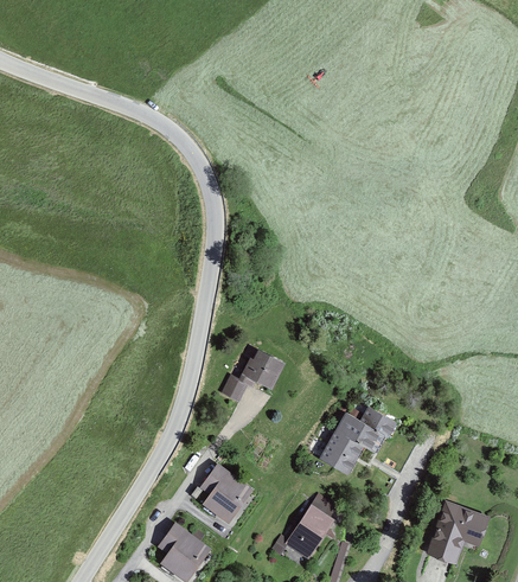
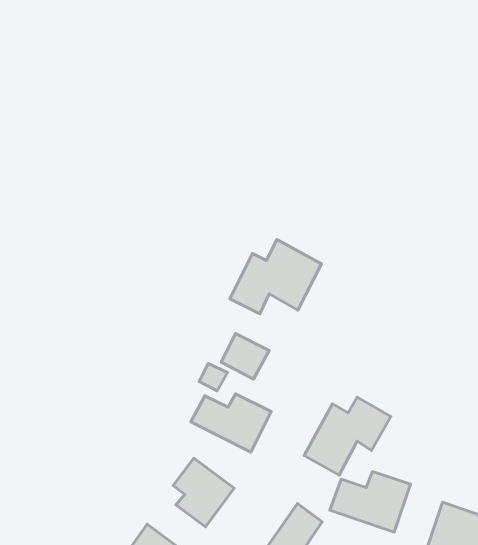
building: none -> [230,240,322,314]
building: none -> [191,394,271,452]
building: none -> [330,471,410,532]

